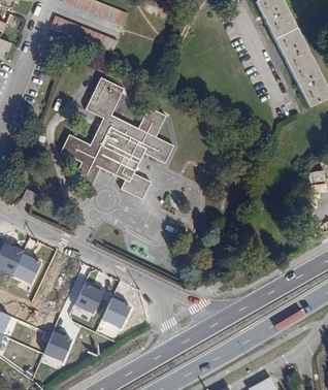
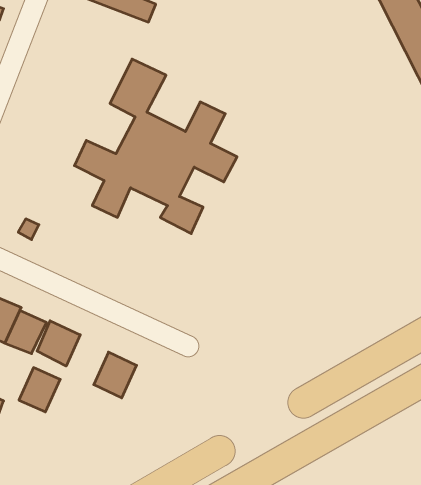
building: none -> [37,321,80,366]
building: [100,295,130,327] -> none
building: [42,329,71,360] -> [19,368,60,412]

